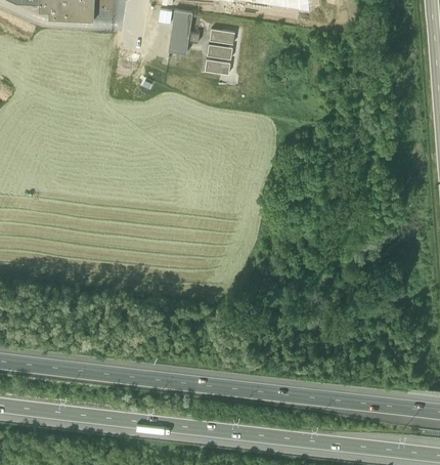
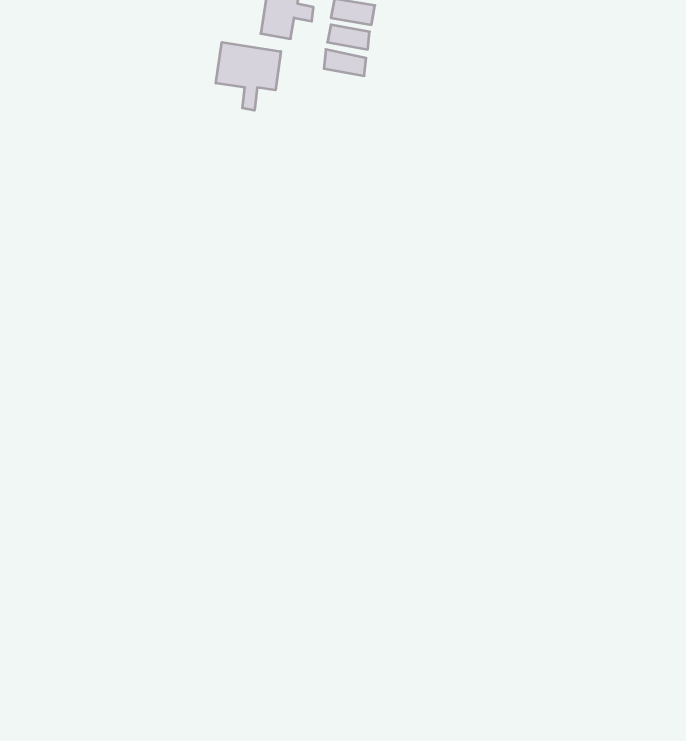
building: none -> [216,42,281,110]

